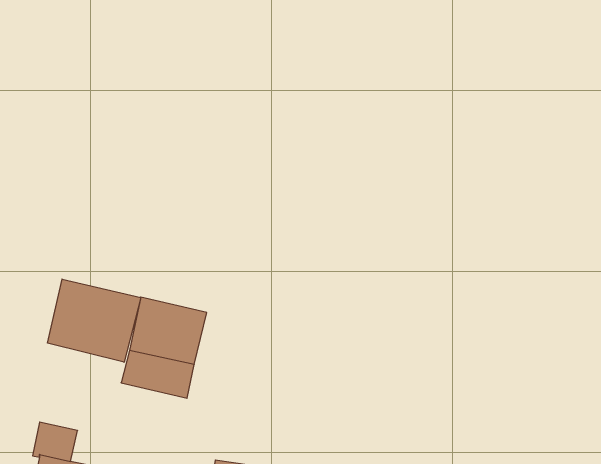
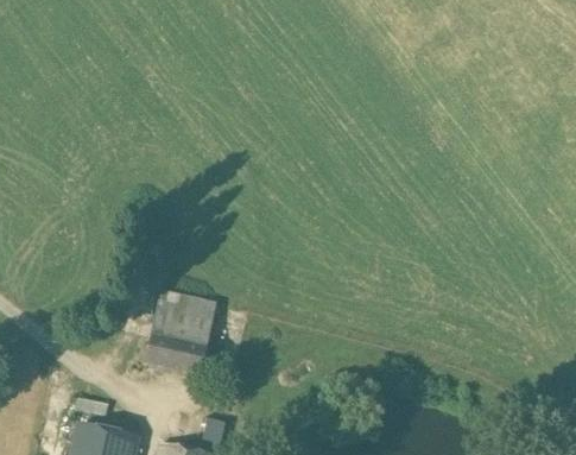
building: [48,279,141,362] -> none

